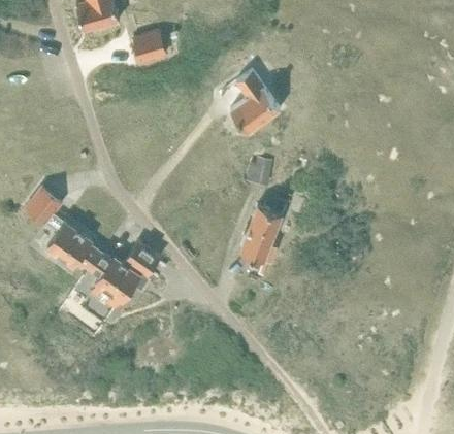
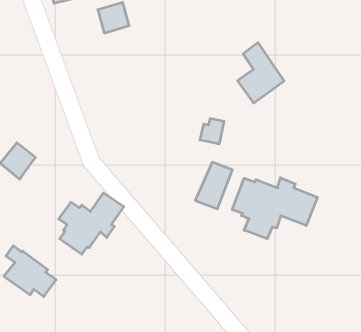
building: [228,69,280,136] -> [238,43,284,103]
building: [43,214,101,271] -> [4,246,56,297]
building: none -> [232,178,317,239]

